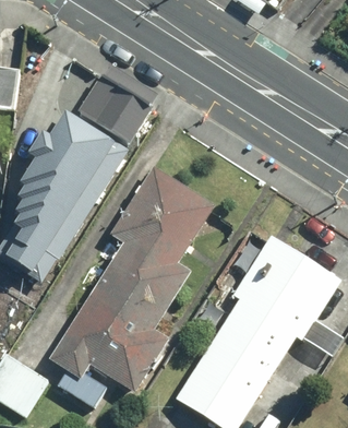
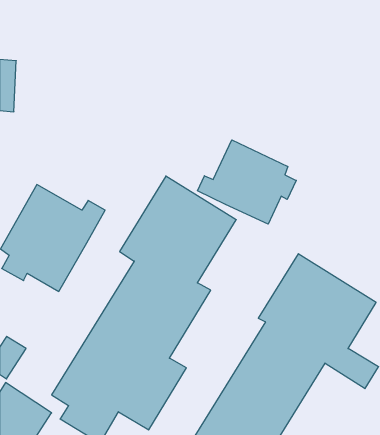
building: [46,80,149,194] -> none
building: none -> [197,140,296,224]

